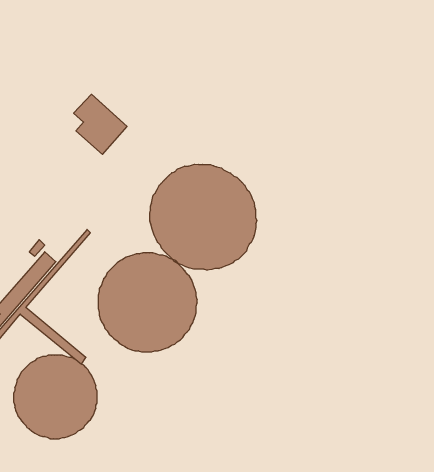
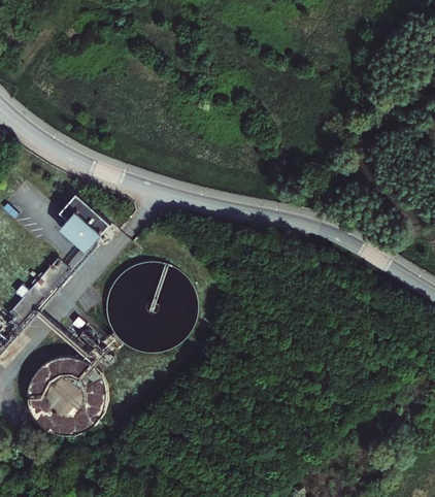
building: [74,94,127,154] -> [56,194,105,250]
building: [150,164,257,270] -> none

